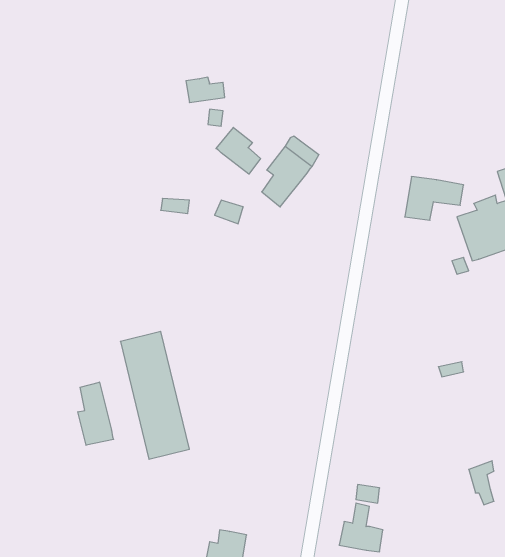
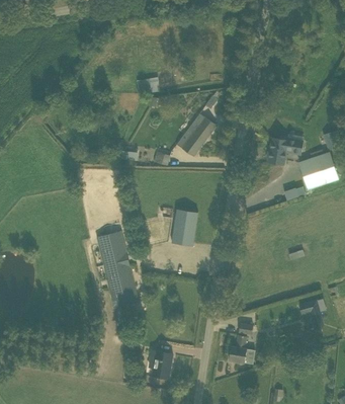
building: [216,127,261,174] -> none
building: none -> [171,209,197,245]
building: [78,382,114,445] -> none

